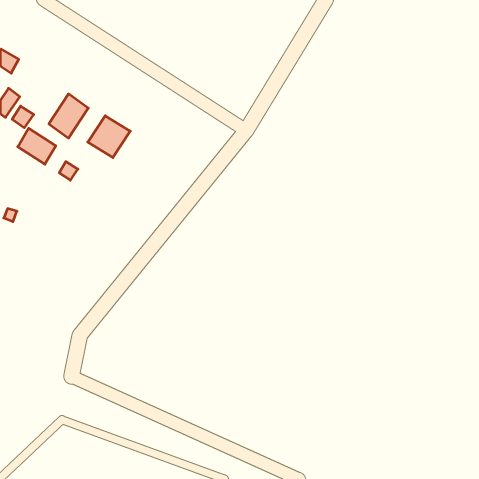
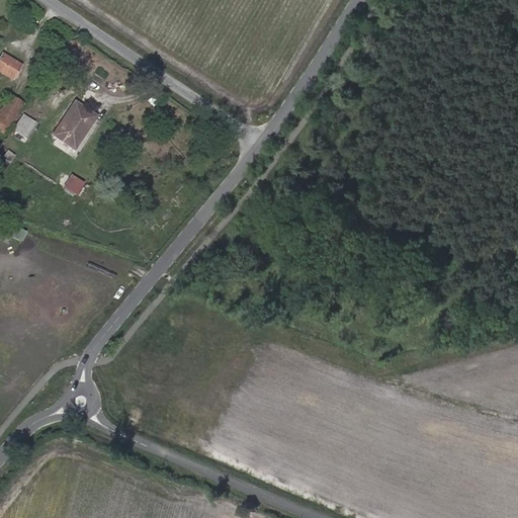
building: [88,116,130,158] -> none
building: [18,128,56,164] -> none

